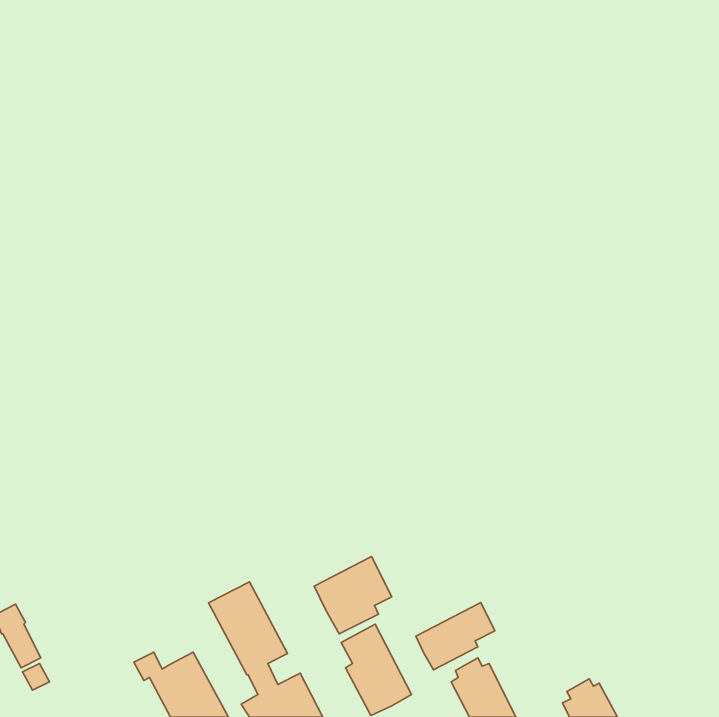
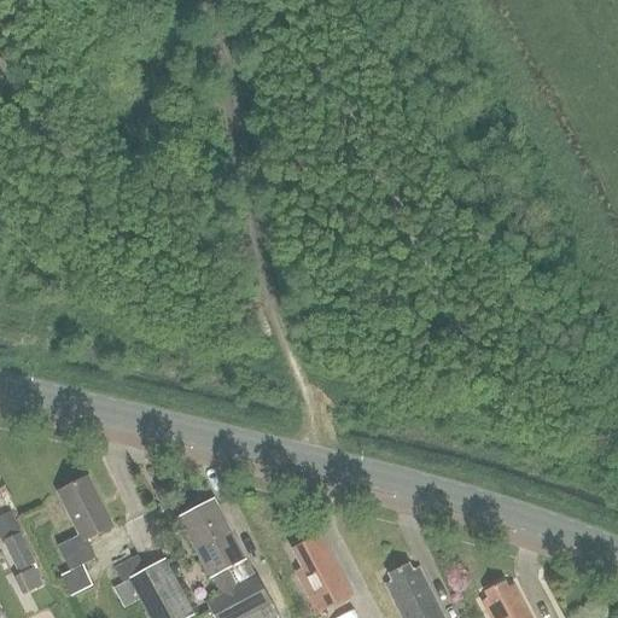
building: [314,556,392,634] -> none
building: none -> [57,477,113,571]
building: [416,603,495,670] -> none

